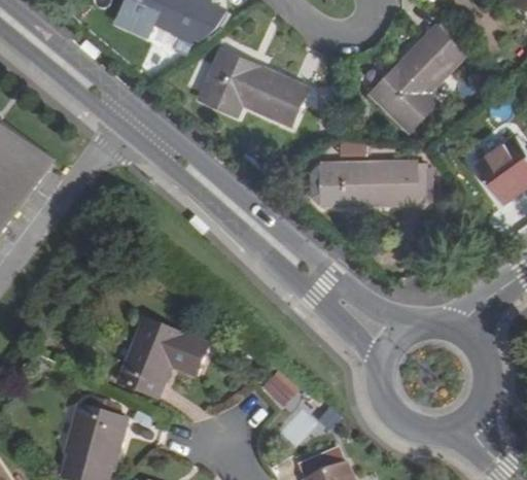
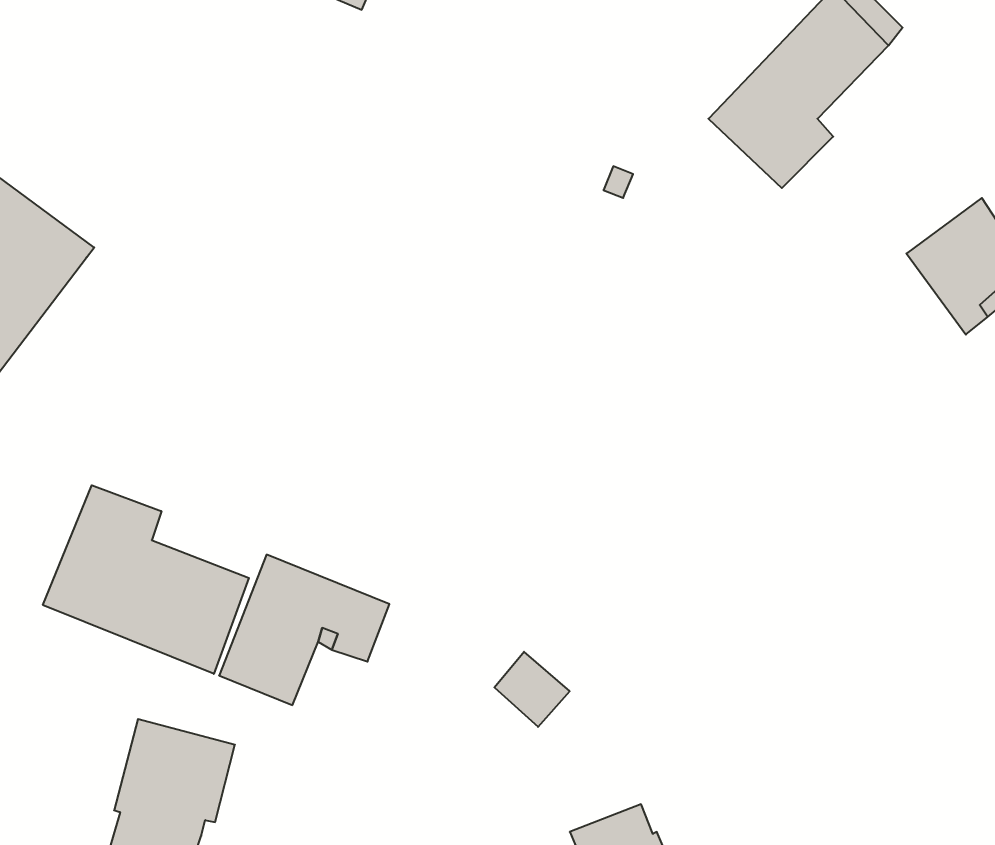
building: [201,50,307,125] -> none
building: [324,164,432,204] -> none
building: none -> [43,485,249,674]

